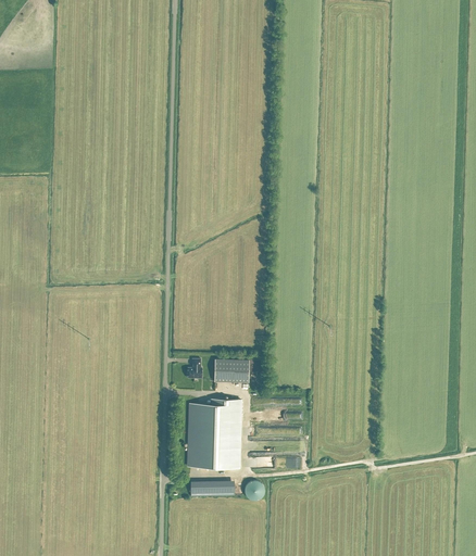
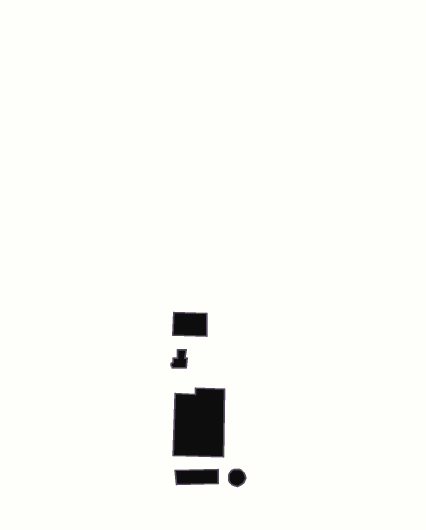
building: [214,359,249,383] -> [173,313,207,336]

